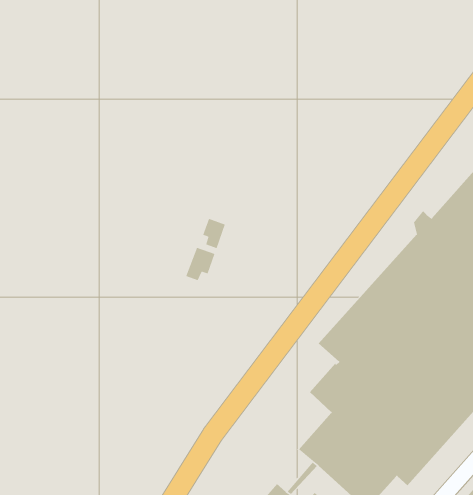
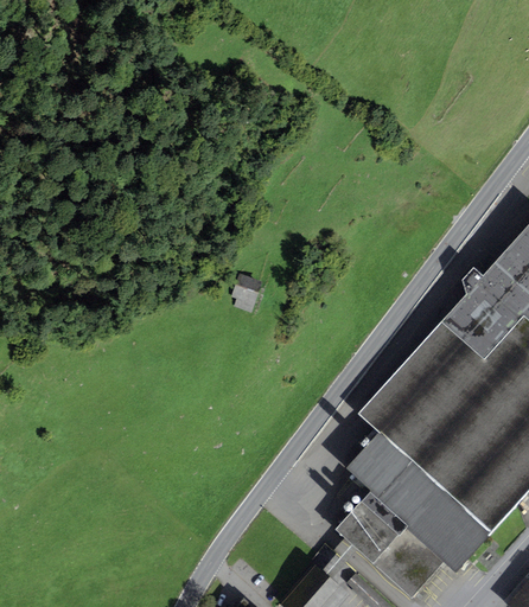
building: [185,247,215,281] -> none

